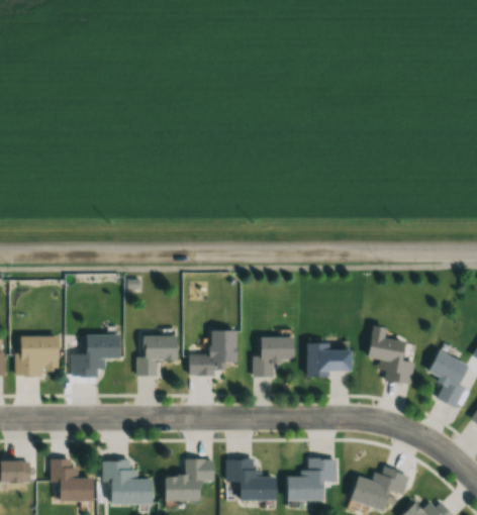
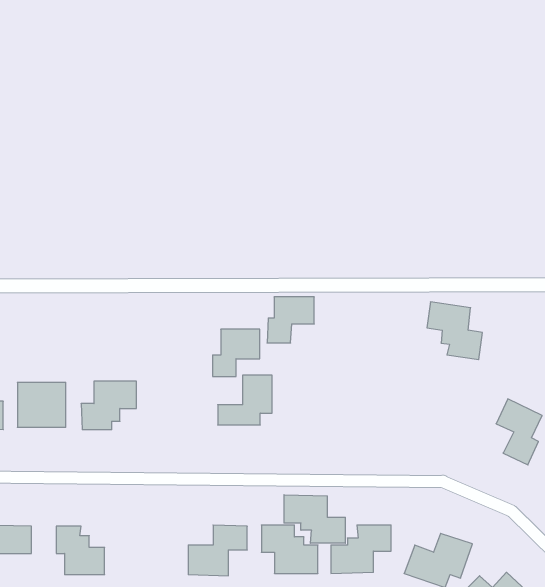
building: [136,335,177,376] -> [213,329,260,376]
building: [367,335,414,385] -> [427,302,482,360]
building: [253,337,293,377] -> [267,297,314,343]
building: [306,343,350,377] -> none
building: none -> [284,495,345,543]
building: [103,460,151,504] -> none

